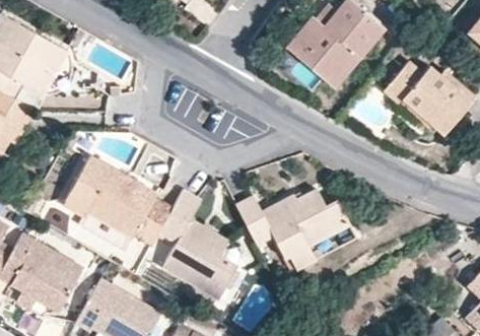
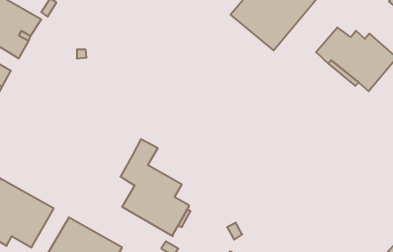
building: [63,155,175,245] -> none
building: [236,189,350,270] -> none

